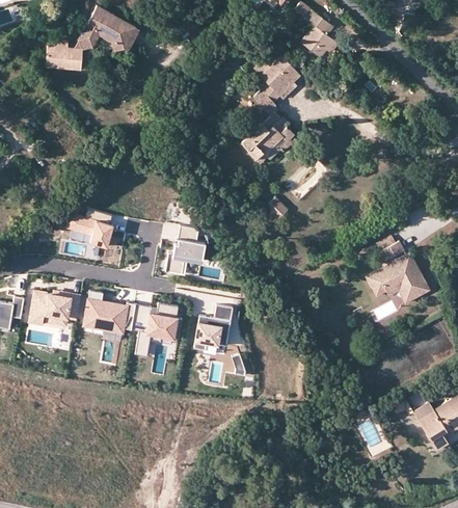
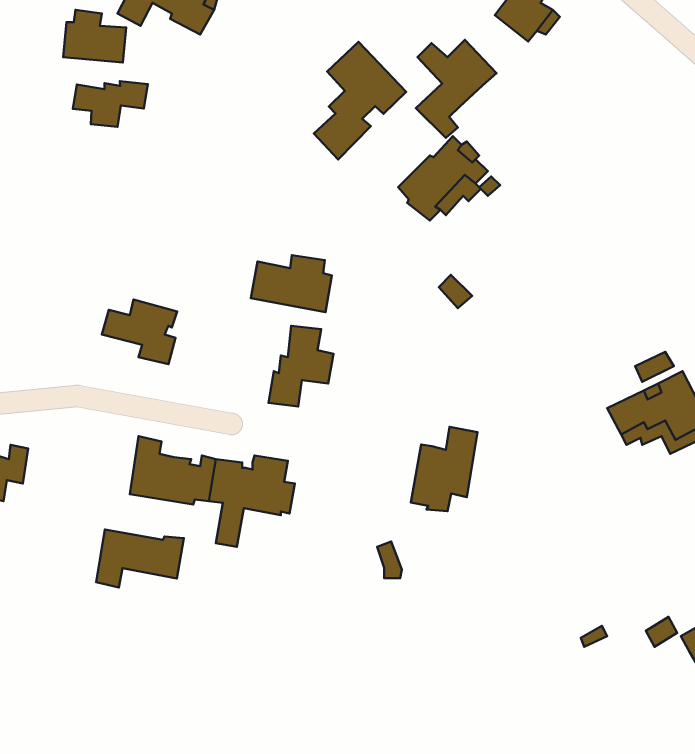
building: none -> [314,42,406,160]
building: none -> [73,81,148,127]
building: none -> [251,255,332,312]
building: [29,292,81,326] -> [96,529,184,587]
building: [193,305,233,355] -> [411,427,477,511]

